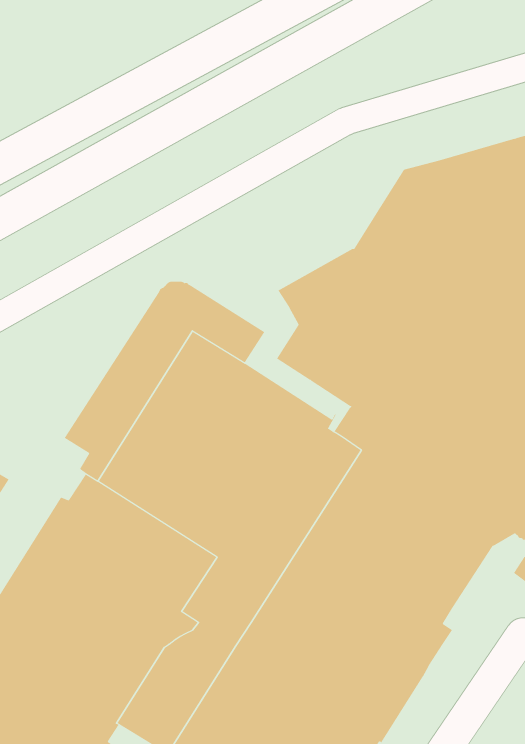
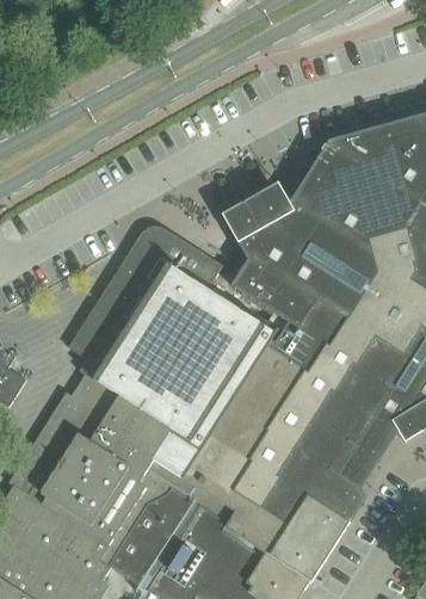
building: none -> [220,181,290,236]

